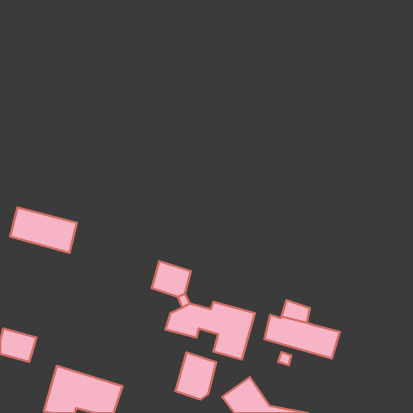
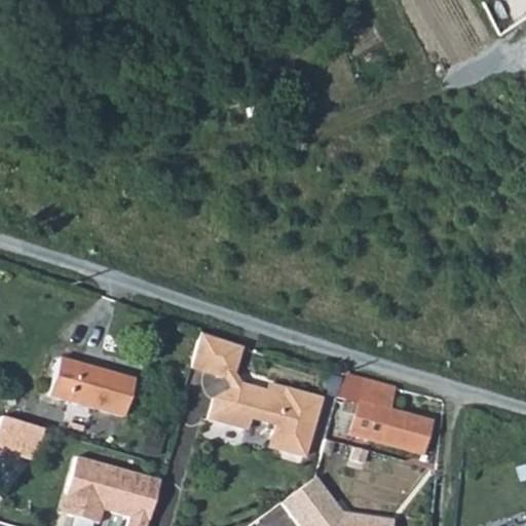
building: [10,207,77,253] -> [52,356,137,414]
building: [176,353,216,400] -> none

